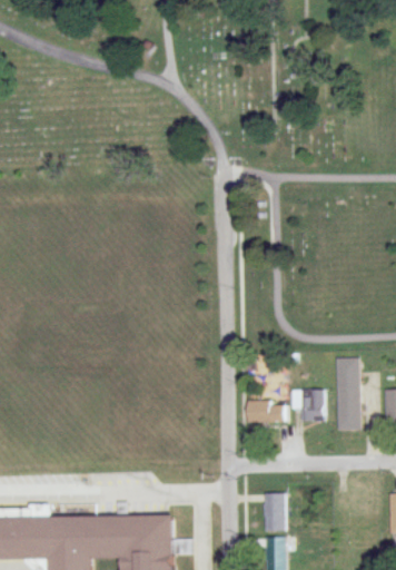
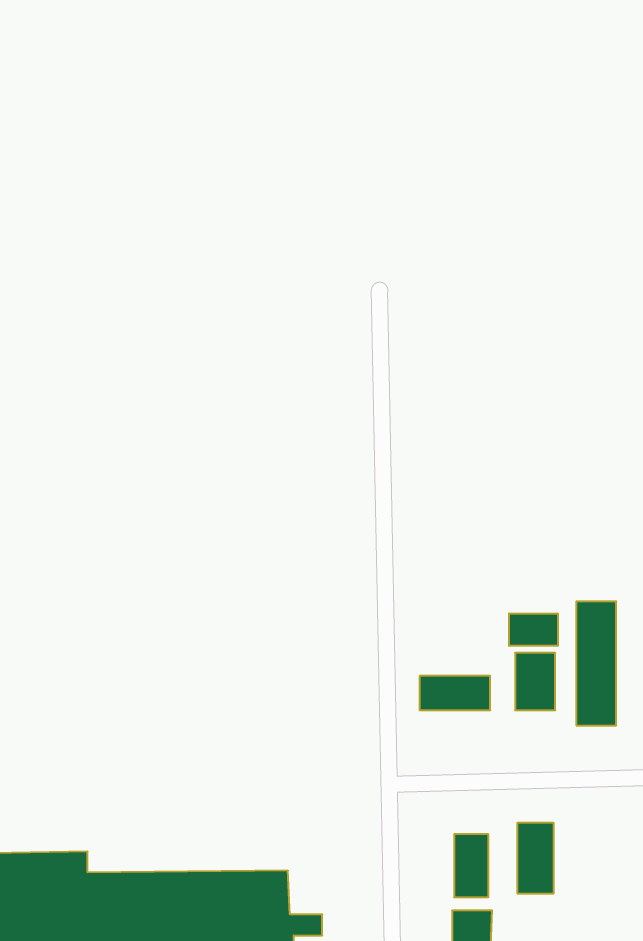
building: none -> [509,613,558,646]
building: none -> [518,823,553,894]

